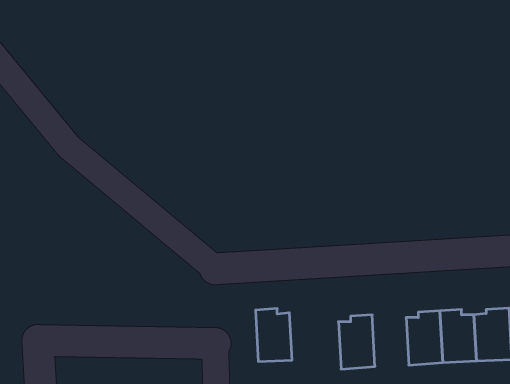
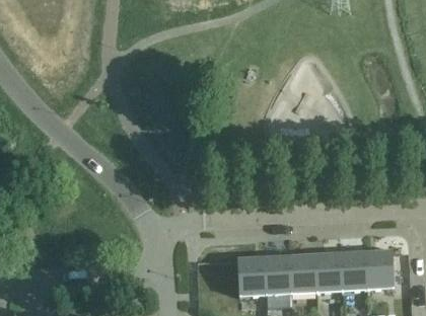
building: [256,309,292,361] -> [238,256,266,296]
building: none -> [289,253,316,293]

